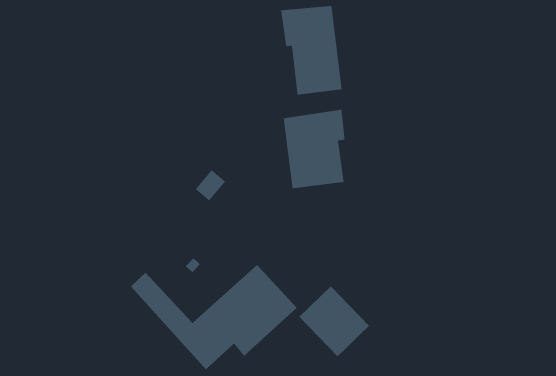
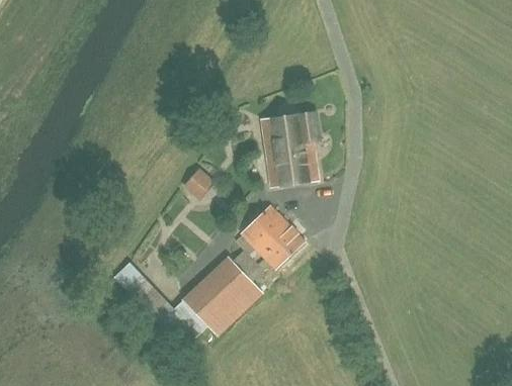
building: [280,5,343,96] -> none
building: [298,286,370,357] -> [239,204,304,269]

